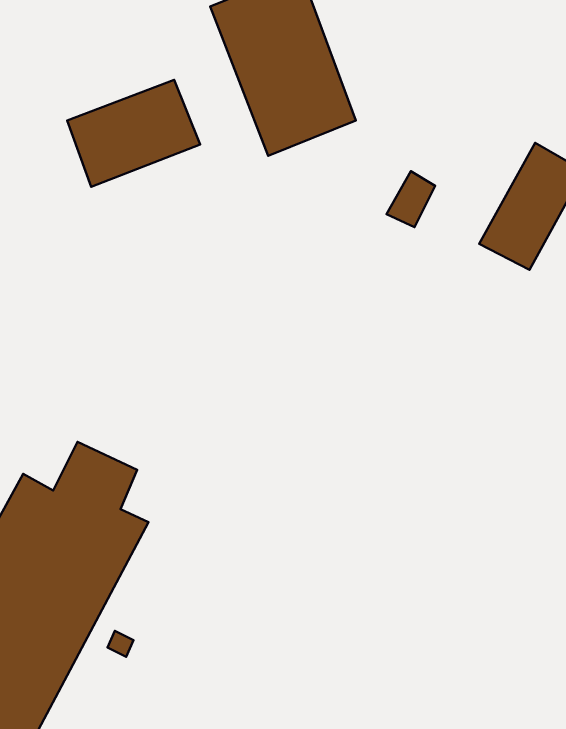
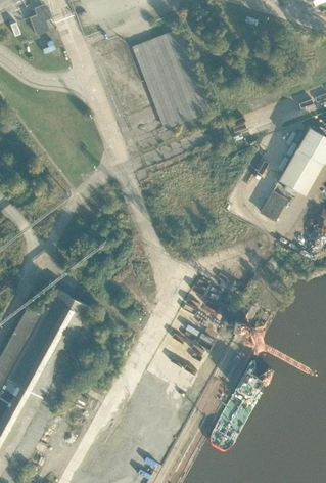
building: [67,80,200,187] -> none
building: [387,171,435,227] -> [260,189,286,220]

